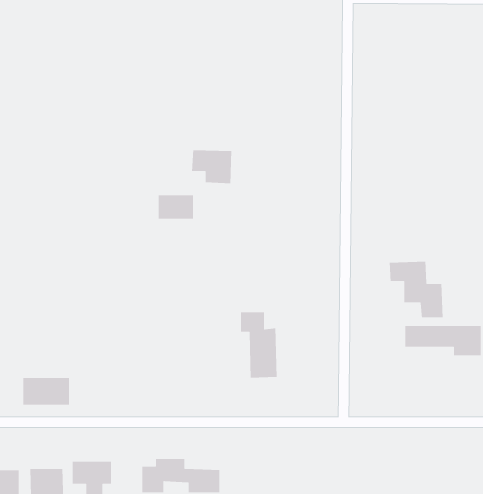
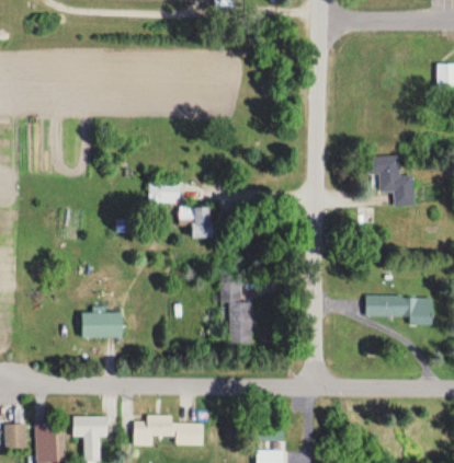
building: [191,149,232,184] -> [179,208,215,239]
building: [389,261,444,318] -> [366,157,415,207]
building: [23,377,70,406] -> [81,312,123,337]

